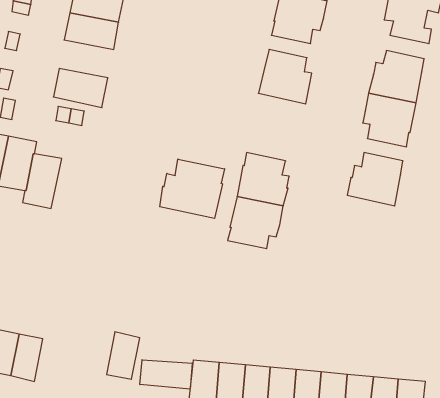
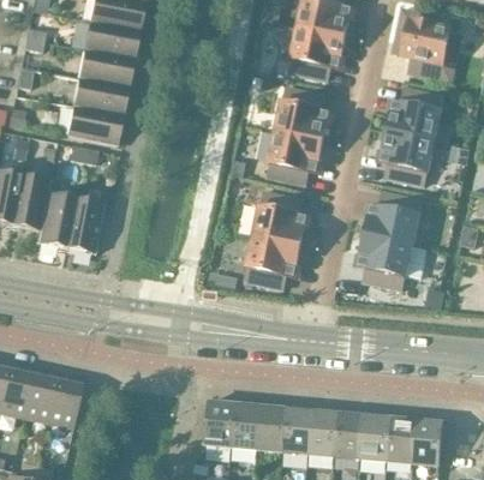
building: none -> [72,77,127,115]
building: none -> [265,131,322,184]
building: none -> [64,197,103,253]
building: [160,159,225,218] -> none
building: none -> [358,234,412,289]
building: [107,332,140,379] -> [47,379,80,427]
building: [140,360,192,389] -> none

